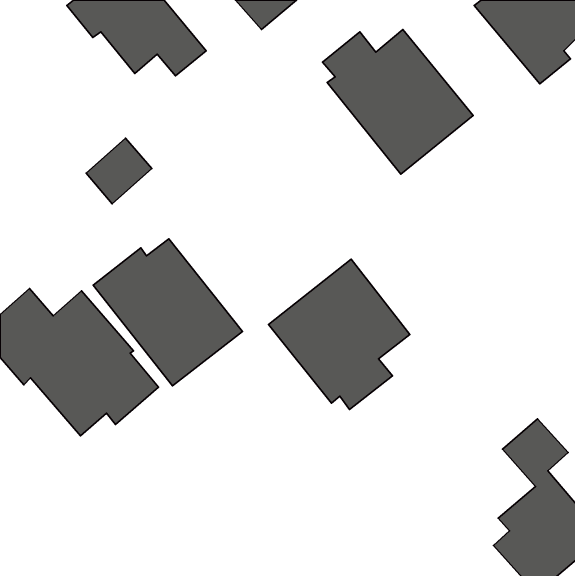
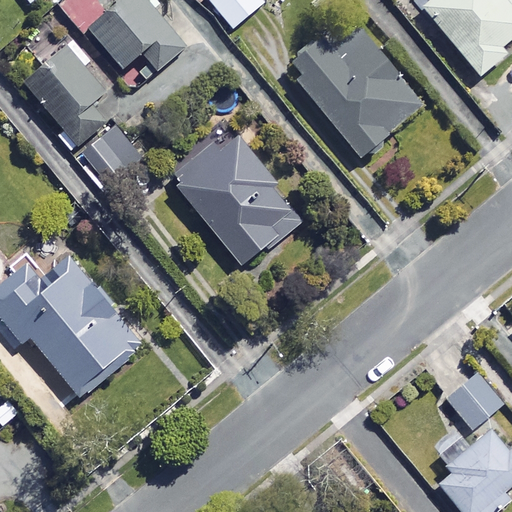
building: none -> [24,44,107,144]
building: [93,239,243,386] -> [172,135,304,265]
building: [268,259,410,409] -> none

